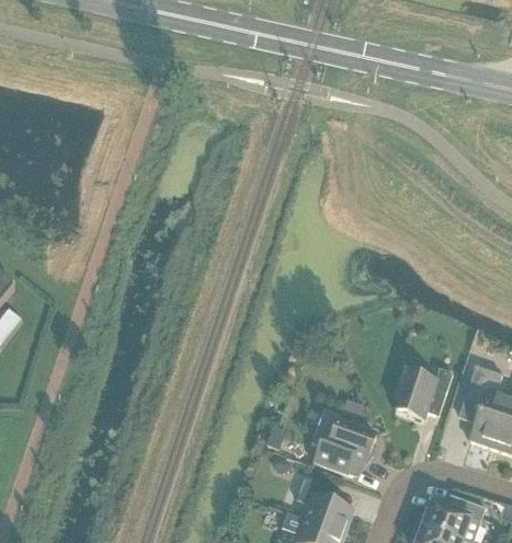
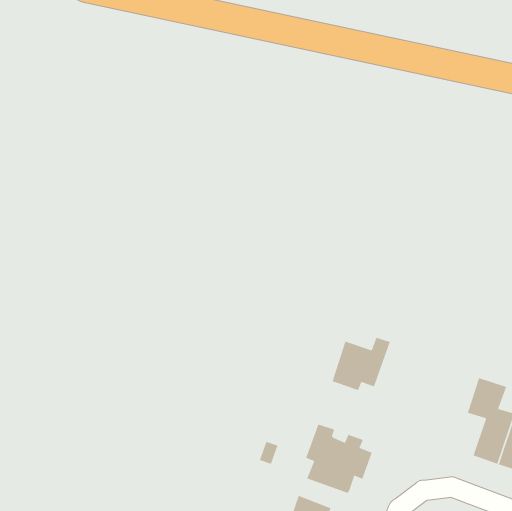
building: [395,366,453,417] -> [330,337,391,391]

